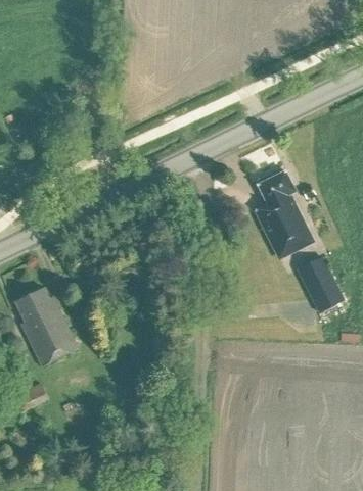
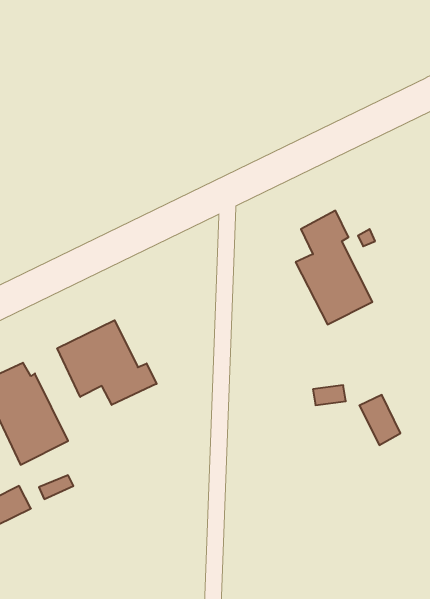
building: none -> [57,320,157,405]
building: [305,256,336,295] -> [359,395,400,445]

